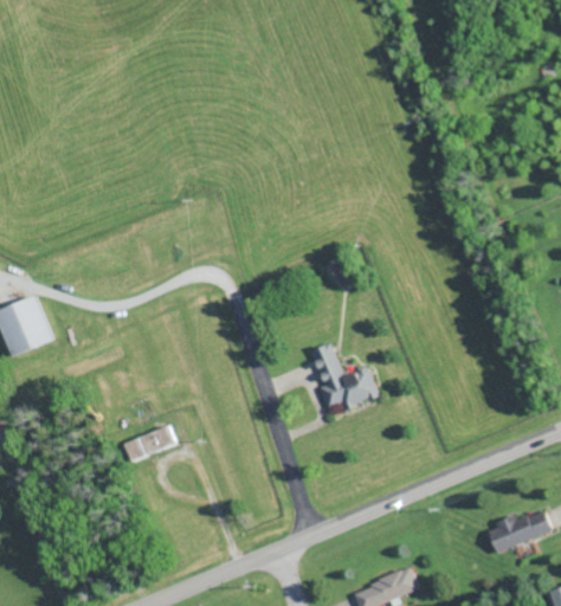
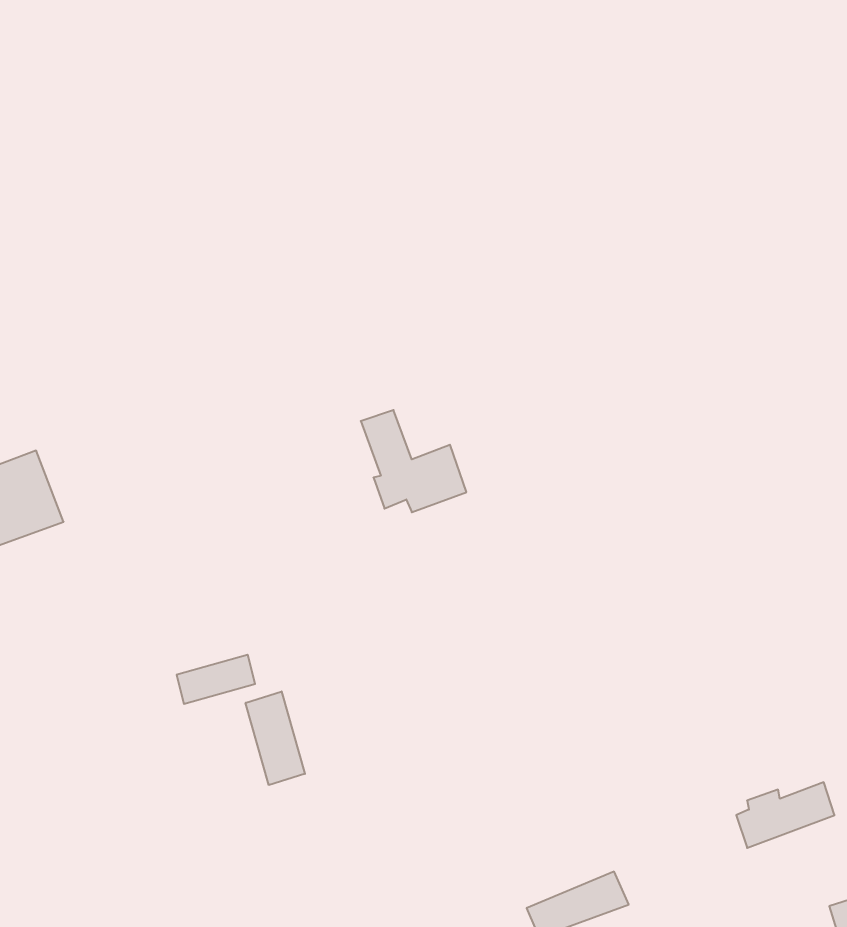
building: [311,343,380,410] -> [361,410,466,512]
building: none -> [246,691,305,785]

